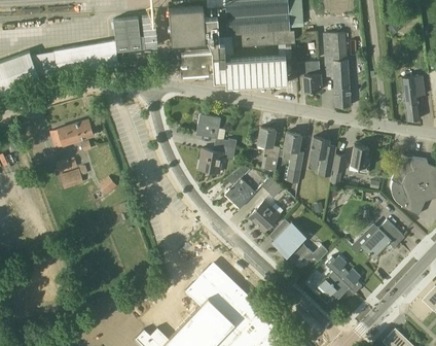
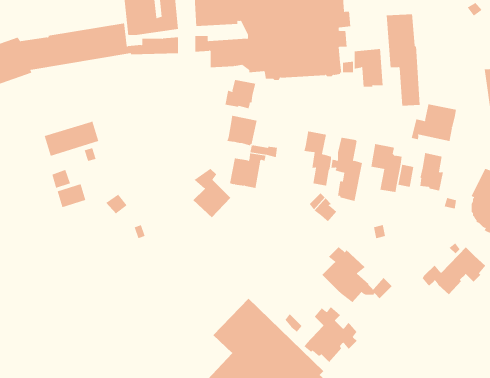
building: none -> [225,79,256,109]
building: none -> [411,103,457,142]
building: [224,169,255,209] -> [193,168,231,218]
building: [249,200,280,232] -> none
building: [317,255,360,301] -> [303,306,357,363]

